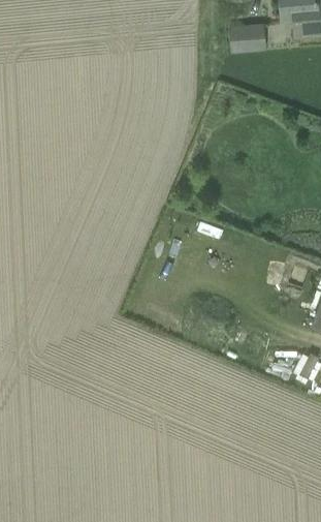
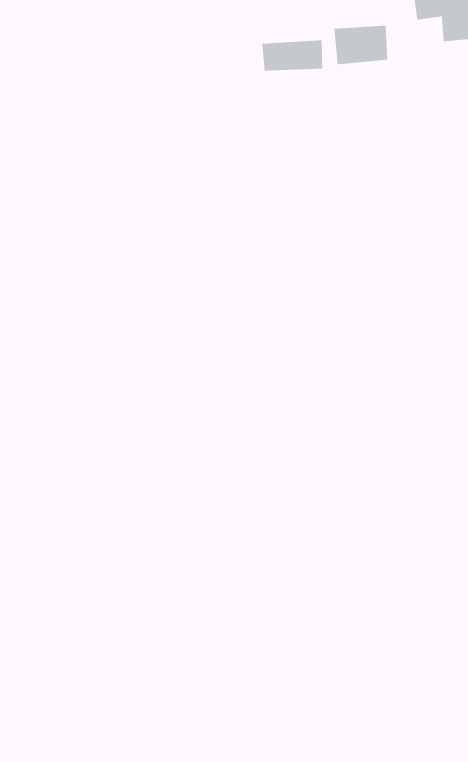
building: none -> [262,40,323,71]

